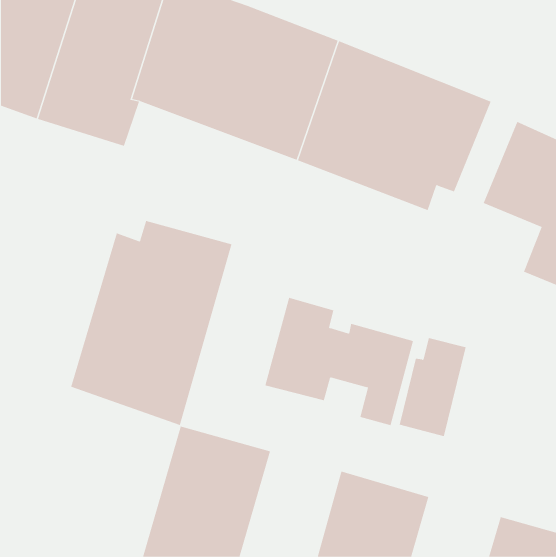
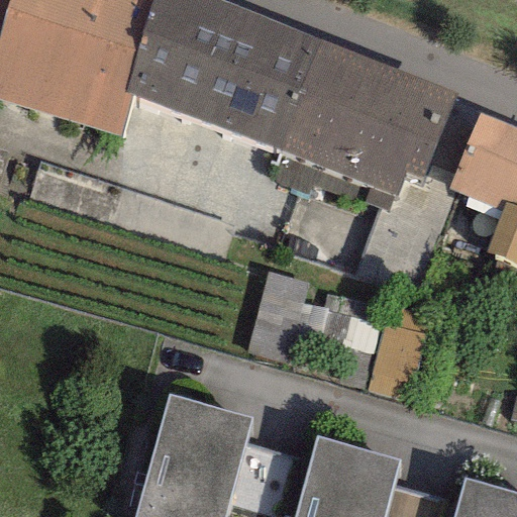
building: [70,220,232,426] -> none

